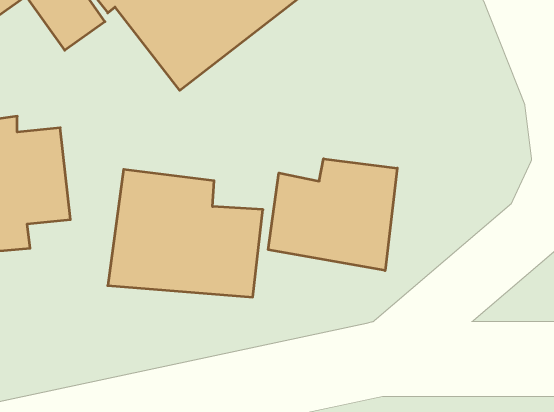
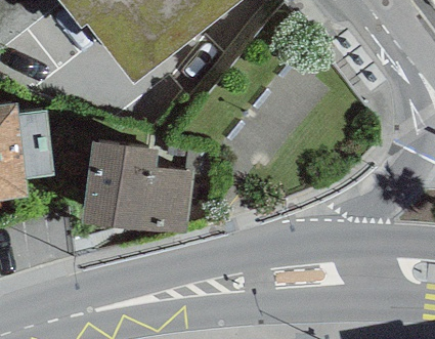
building: [268,159,397,271] -> none

